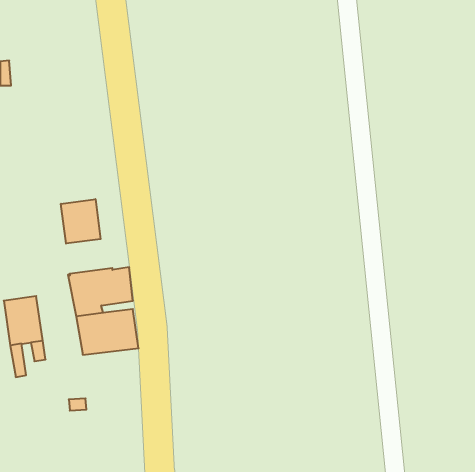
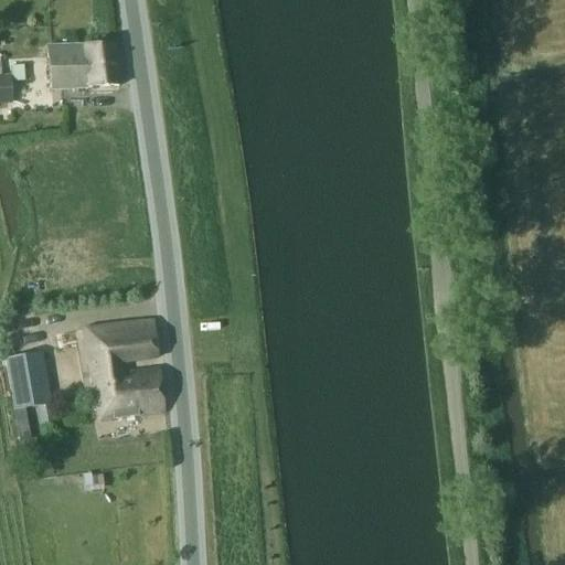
building: none -> [46,43,119,88]
building: [61,199,101,244] -> none

